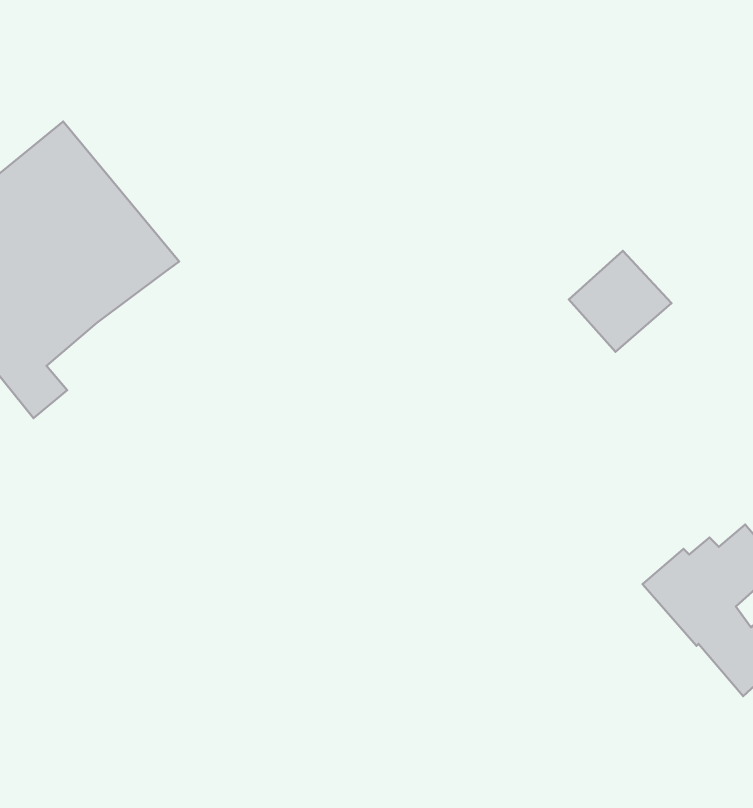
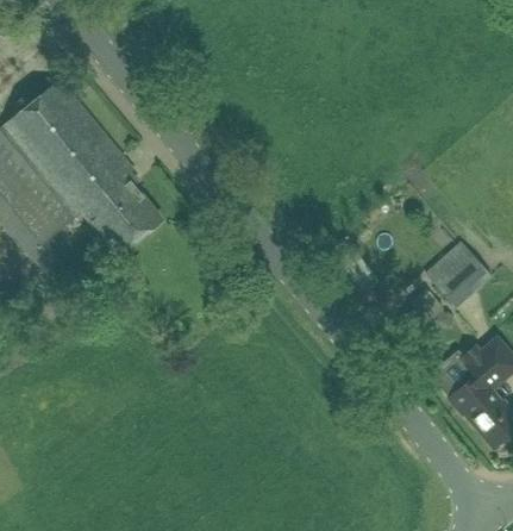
building: [569,251,671,352] -> [426,243,492,307]
building: none -> [82,176,162,255]

